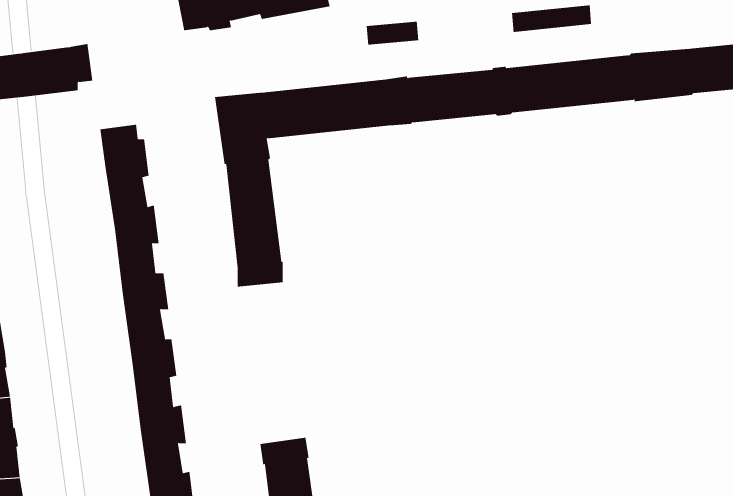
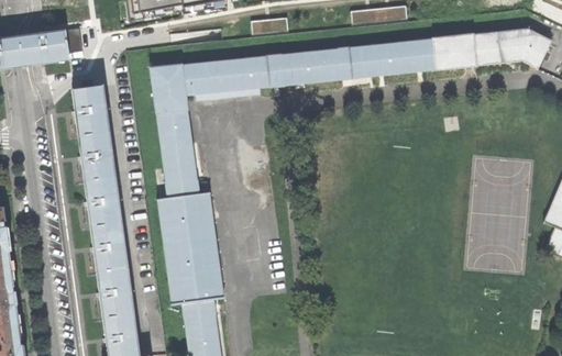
building: none -> [157,191,224,304]

